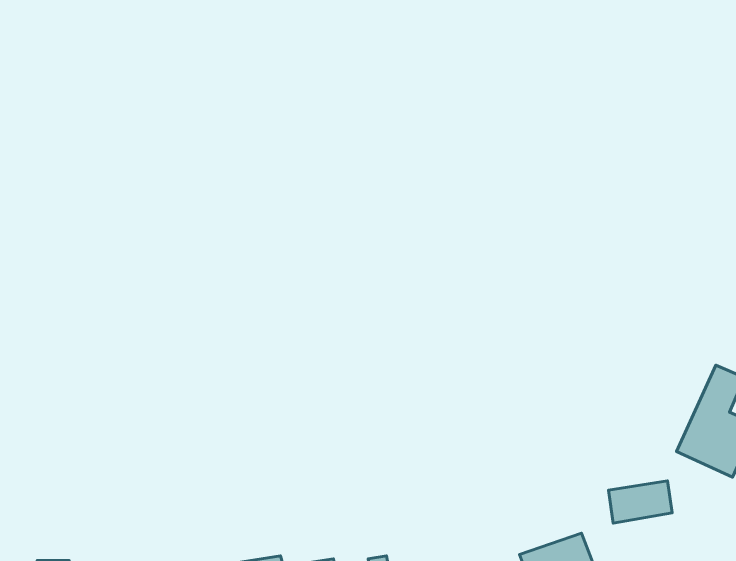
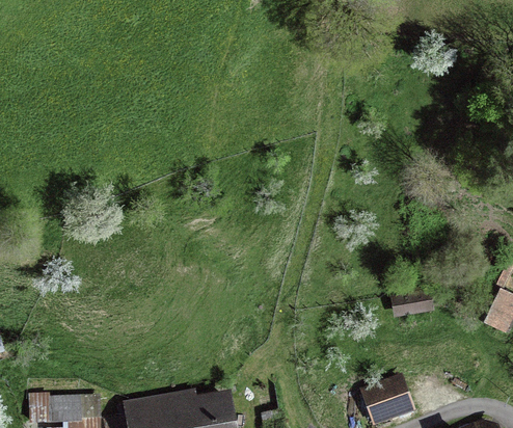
building: [609,481,672,523] -> [390,290,434,319]

